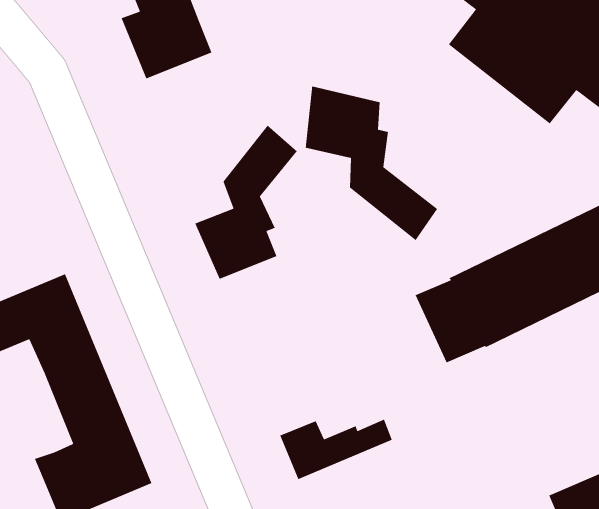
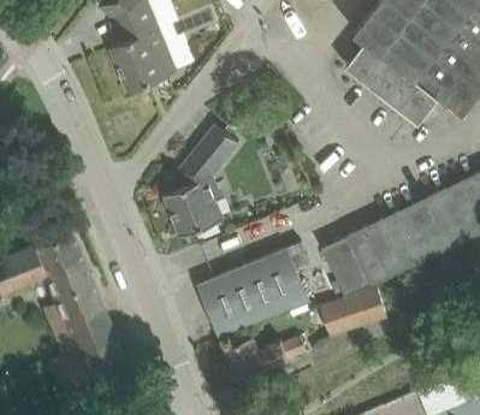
building: [305,85,438,241] -> none
building: none -> [197,242,308,338]
building: none -> [320,286,386,336]

